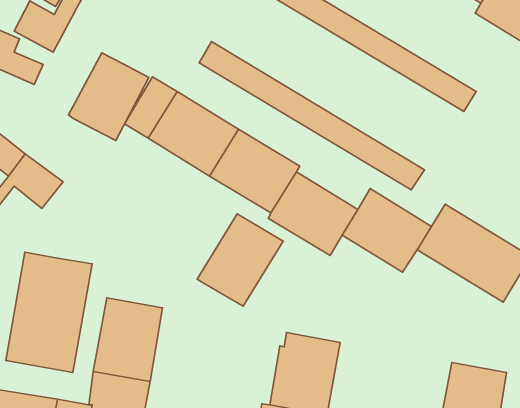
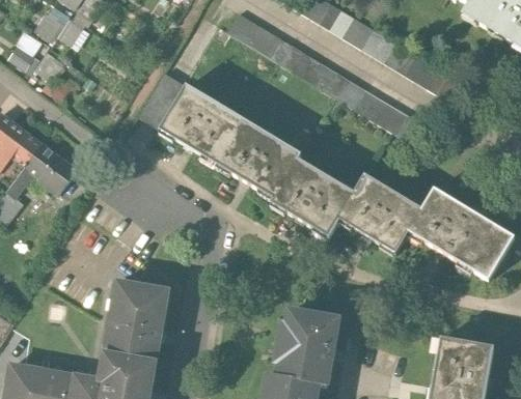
building: [199,42,425,190] -> [219,8,429,146]
building: [68,53,149,141] -> none
building: [197,214,283,306] -> none
building: [6,252,92,372] -> none

